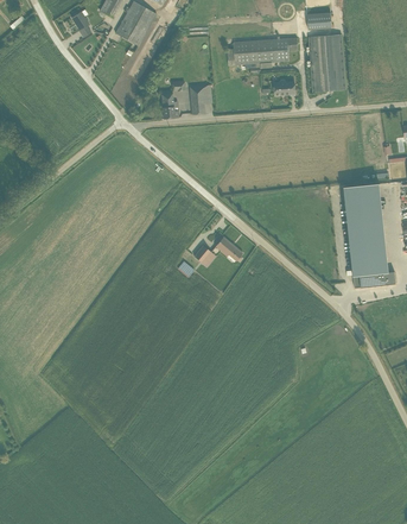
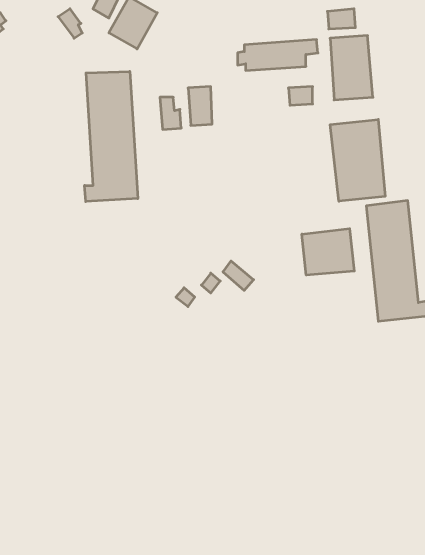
building: none -> [85,71,138,202]
building: none -> [330,119,385,201]
building: none -> [302,229,354,275]

